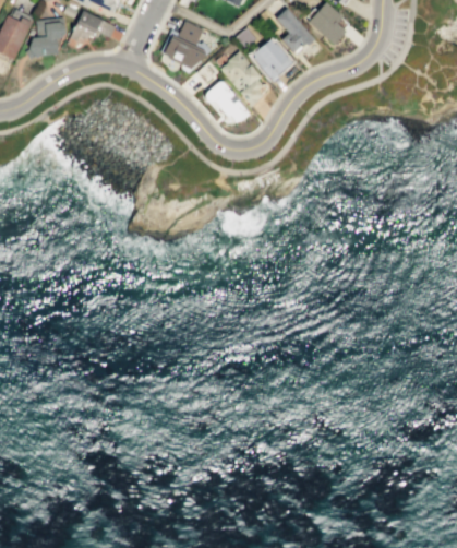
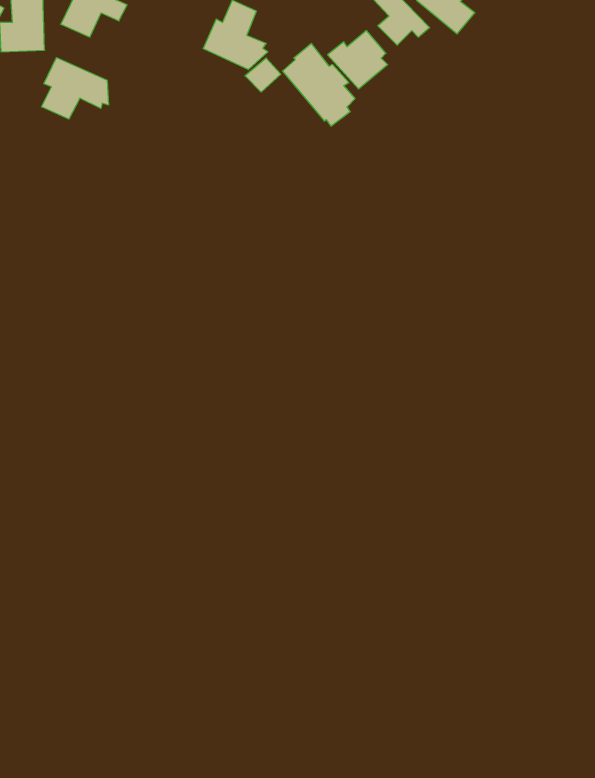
building: none -> [42,58,108,119]
building: [202,78,250,124] -> none

